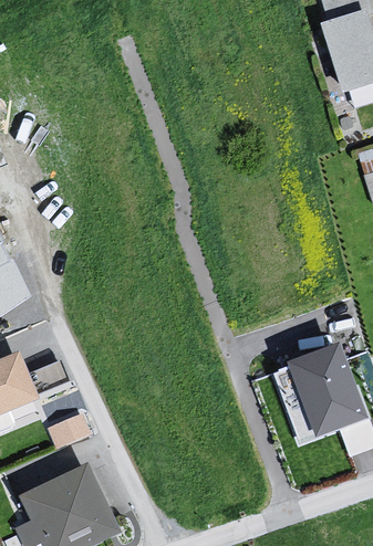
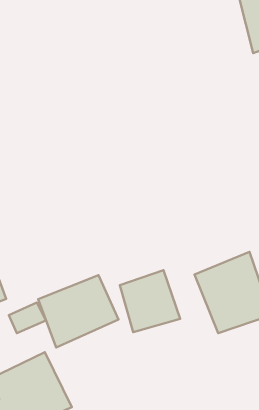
building: none -> [120,270,180,332]
building: none -> [38,275,119,348]

